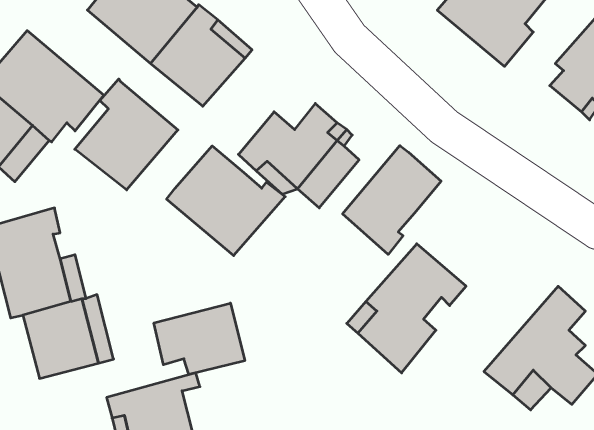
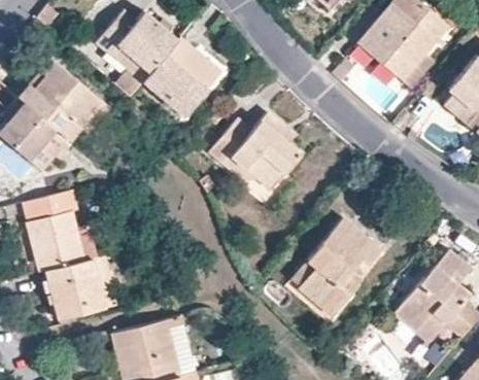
building: [75,79,178,190] -> none
building: [343,146,441,254] -> none
building: [167,146,285,256] -> none
building: [154,303,245,375] -> none

